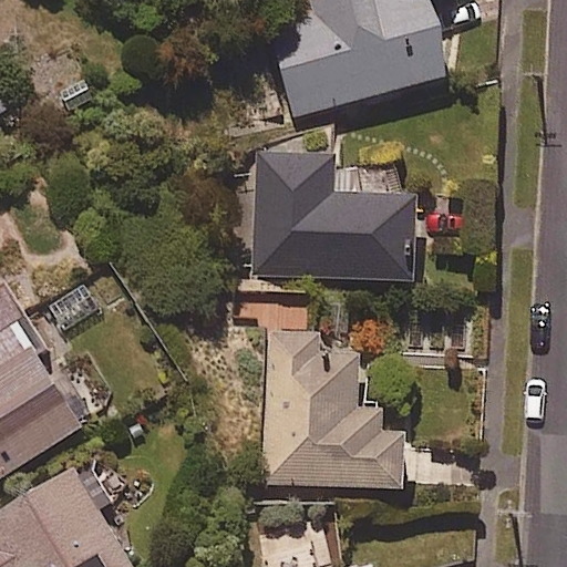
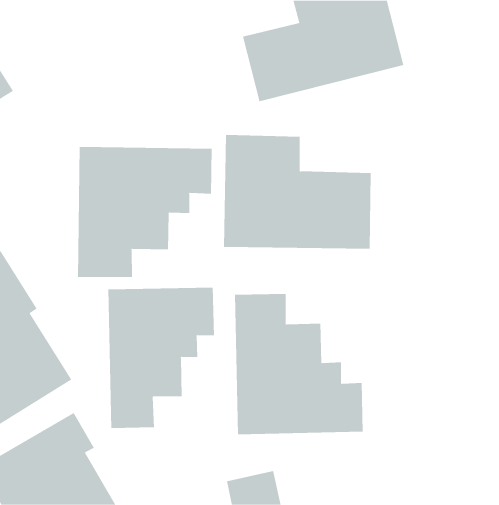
building: none -> [77,146,212,278]
building: none -> [108,287,214,429]

